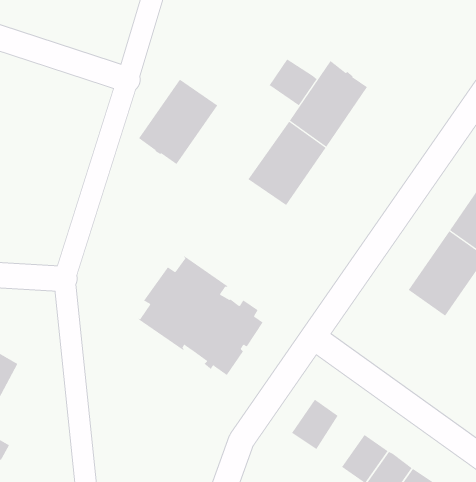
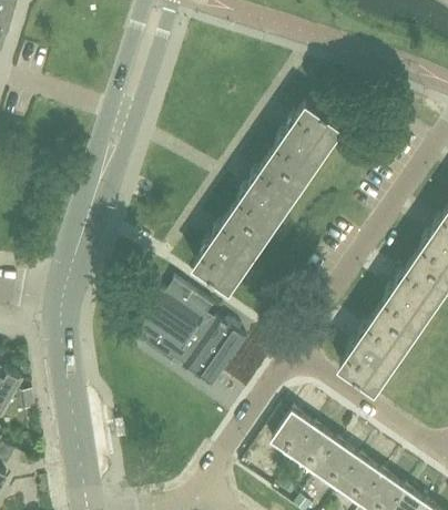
building: [269,58,317,106] -> none
building: [138,79,218,165] -> [194,213,267,292]
building: none -> [340,314,413,392]
building: none -> [295,429,338,476]

